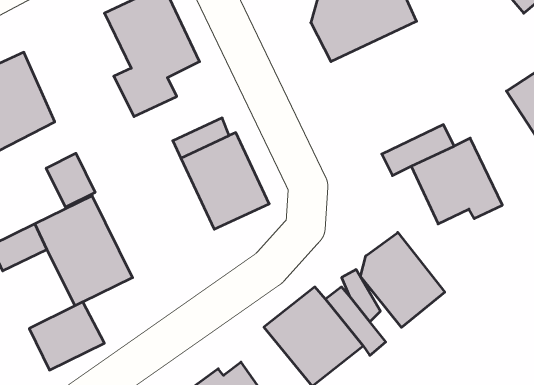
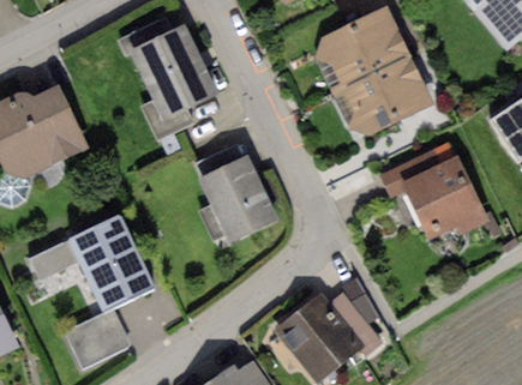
building: none -> [334,56,433,136]
building: [46,153,95,207] -> none
building: [360,232,445,327] -> none

